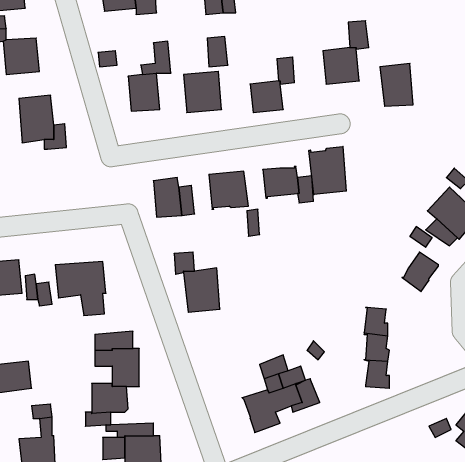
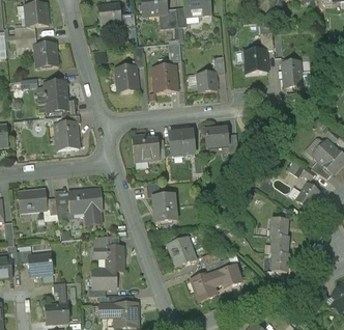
building: [309,146,346,195] -> none
building: none -> [55,120,79,148]
building: none -> [168,237,195,266]

